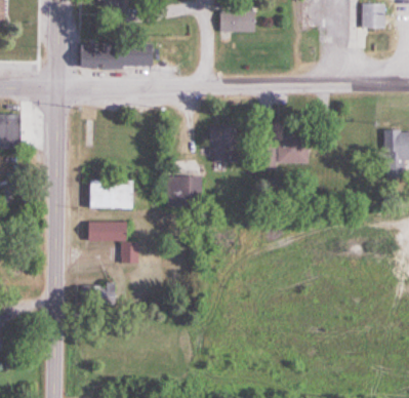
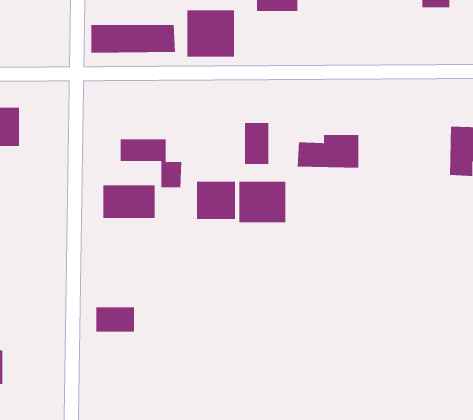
building: none -> [187,9,234,57]
building: none -> [239,181,286,223]
building: [87,222,140,264] -> [120,139,182,188]

